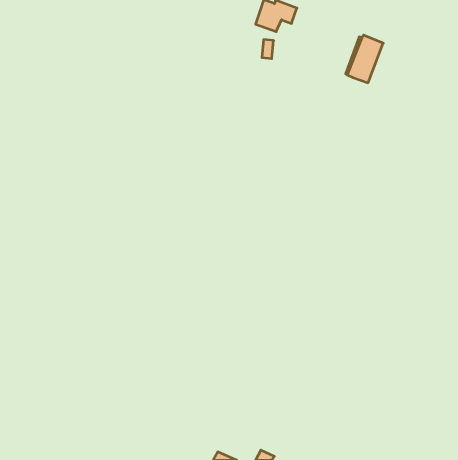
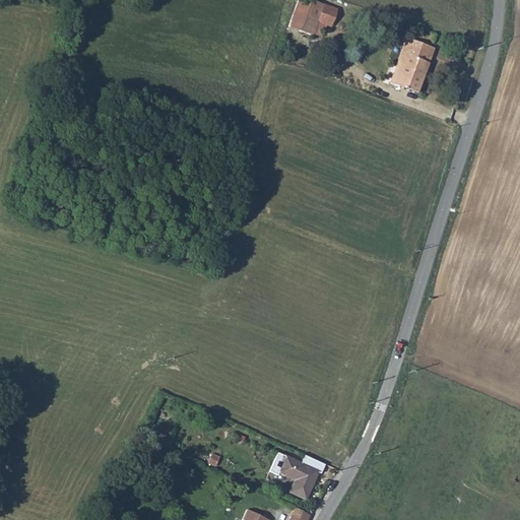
building: none -> [270,453,326,500]

